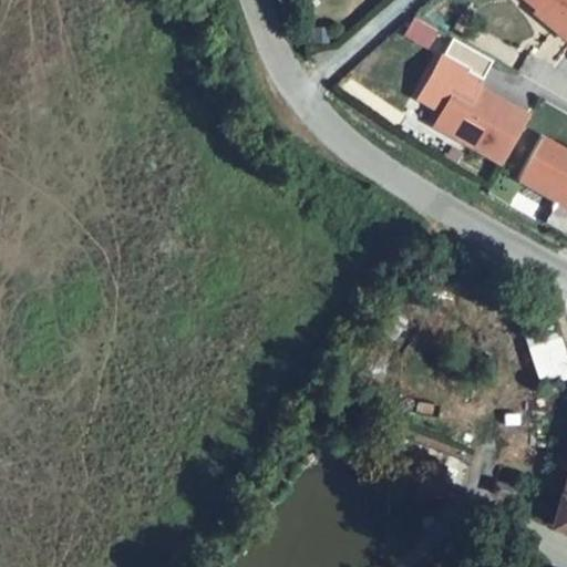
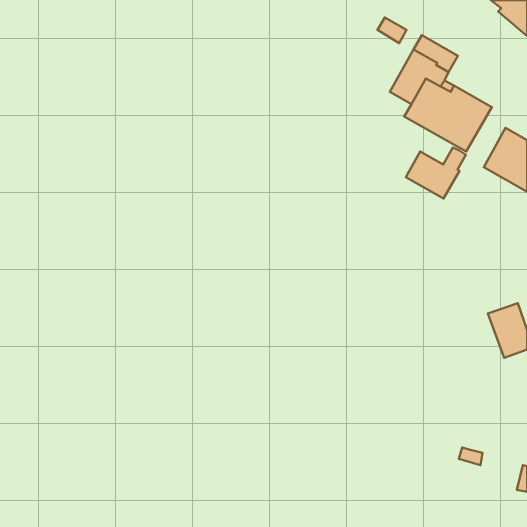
building: none -> [406,148,466,199]

